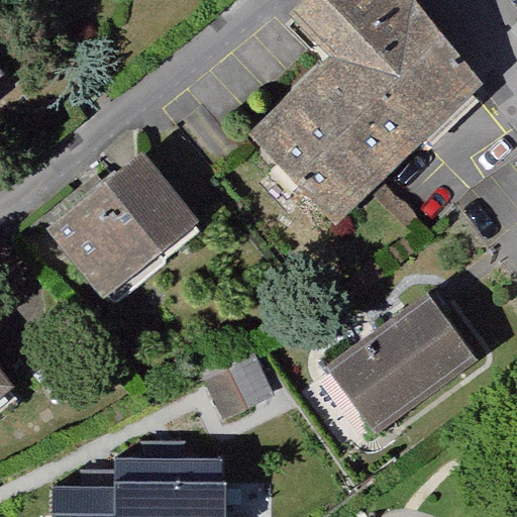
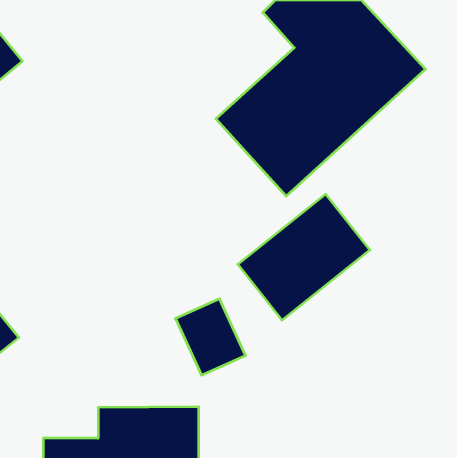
building: [49,152,205,304] -> none
building: [330,289,479,430] -> [238,194,370,320]

